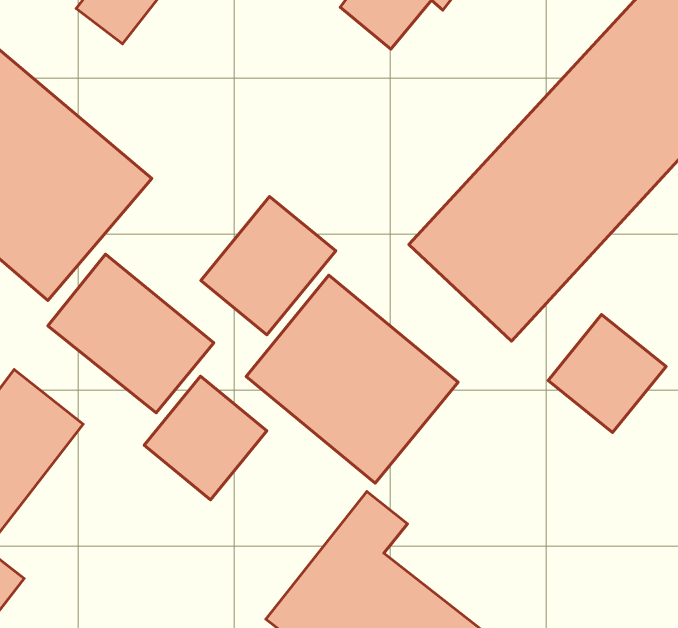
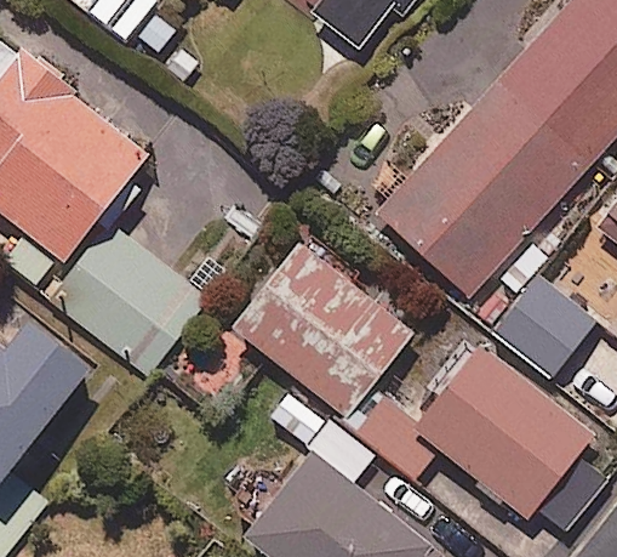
building: [201,196,336,335] -> none
building: [144,376,267,500] -> none
building: none -> [347,347,593,516]

